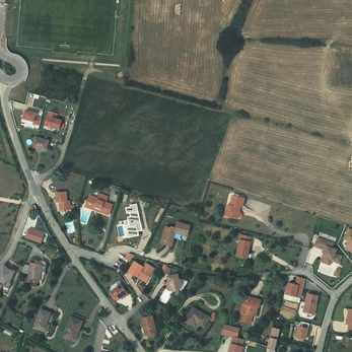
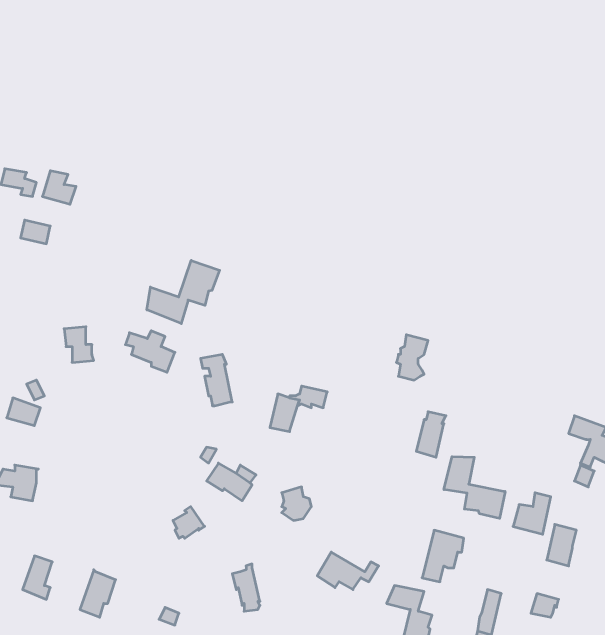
building: none -> [147,260,220,324]
building: none -> [444,457,505,518]

